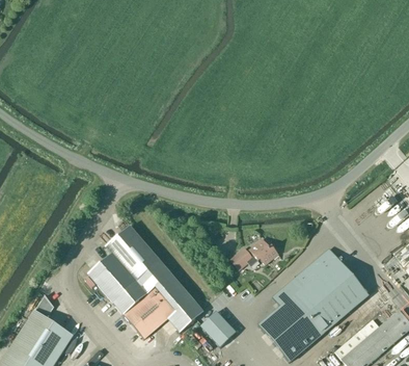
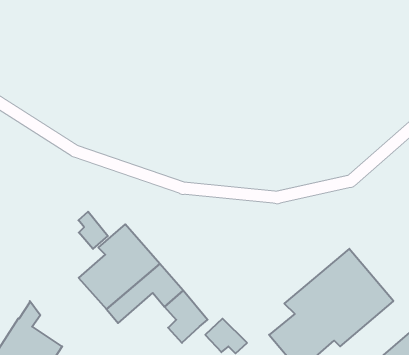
building: none -> [78,212,108,249]
building: [229,238,277,268] -> none
building: [122,287,174,338] -> none

